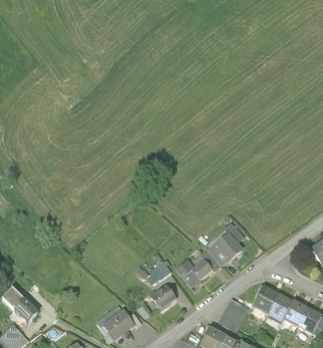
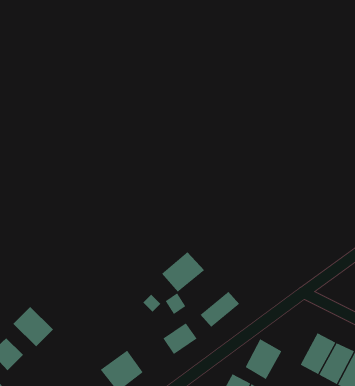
building: [211,232,246,265] -> [161,251,205,293]
building: none -> [13,306,54,347]
building: [248,284,277,318] -> none

